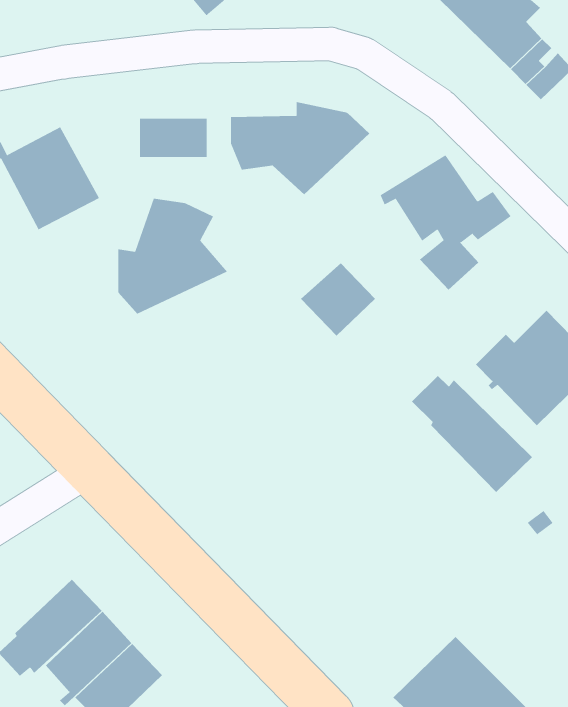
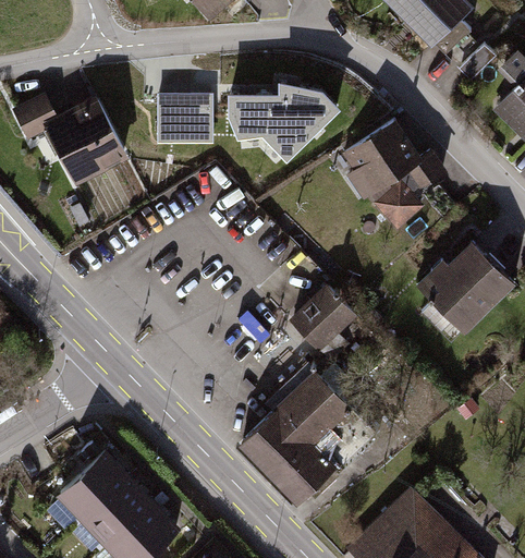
building: [118,198,228,315] -> none
building: [300,262,376,337] -> [293,290,352,348]
building: [411,375,533,493] -> none
building: none -> [236,372,352,504]

